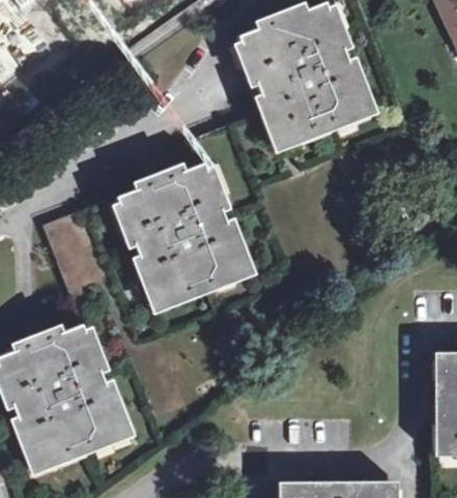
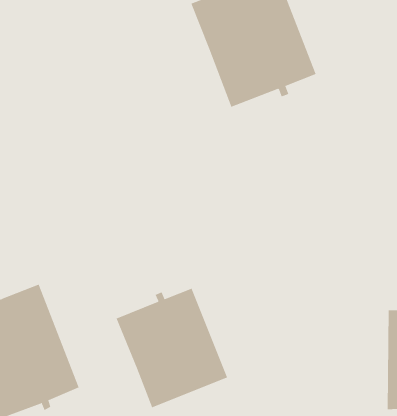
building: [114,164,244,304] -> none
building: none -> [116,288,228,408]

